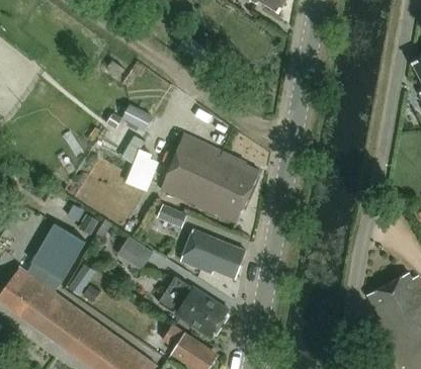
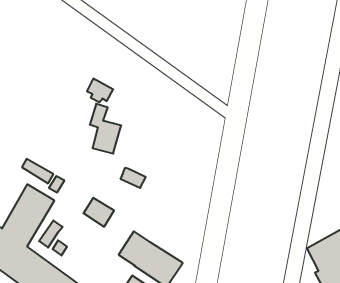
building: [161,133,260,224] -> none
building: [175,229,246,279] -> none

